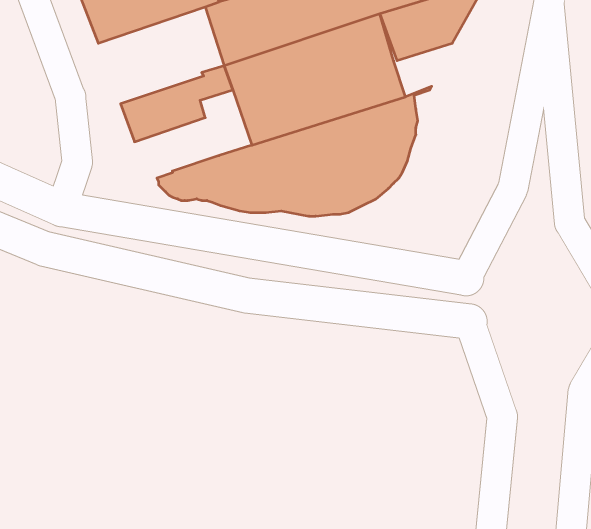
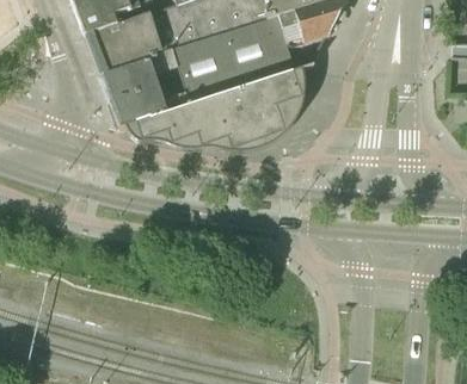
building: none -> [84,7,171,74]
building: none -> [109,83,167,128]

